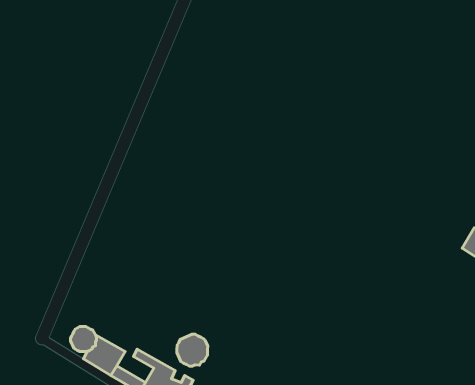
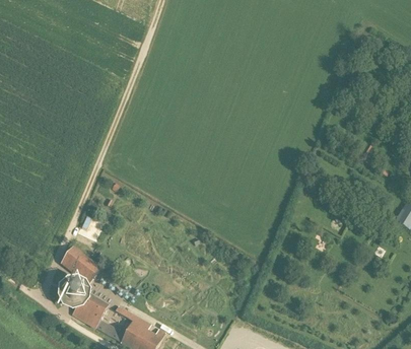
building: none -> [60,246,99,283]
building: [177,334,208,366] -> none

